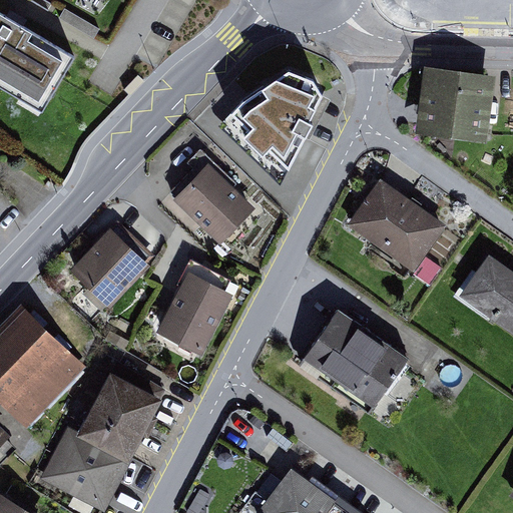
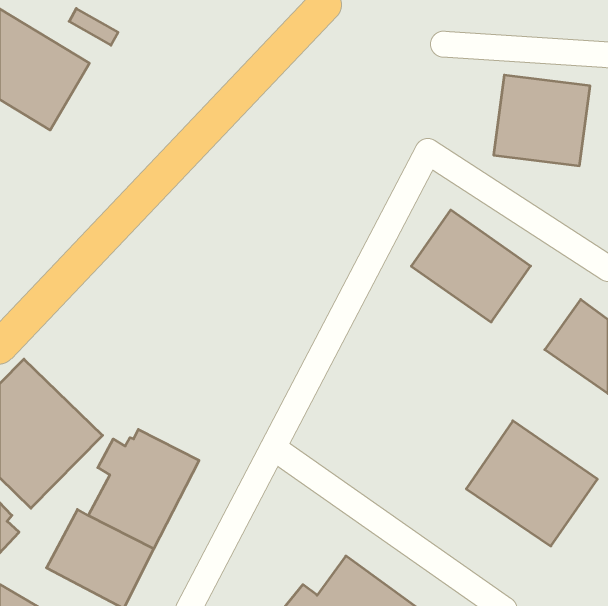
building: [230,68,322,168] -> none
building: [169,150,254,245] -> none
building: [70,222,153,309] -> none
building: [156,261,232,356] -> none
building: [298,310,408,415] -> [466,421,597,546]

